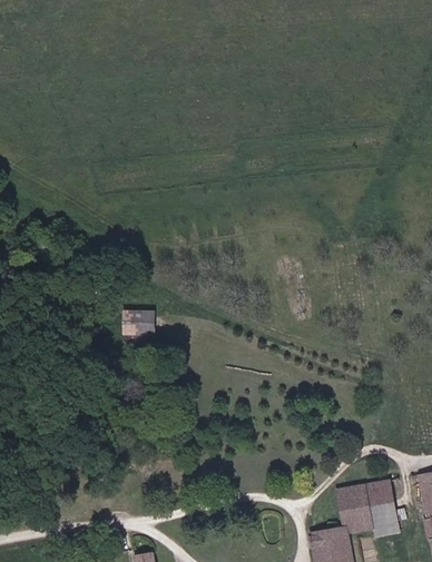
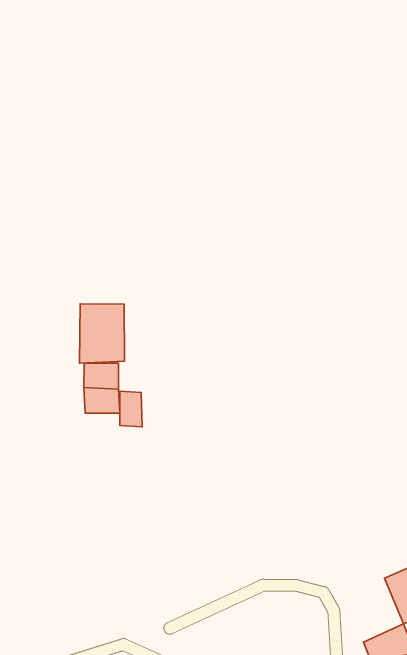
building: none -> [79,304,125,363]
building: none -> [120,391,142,427]

